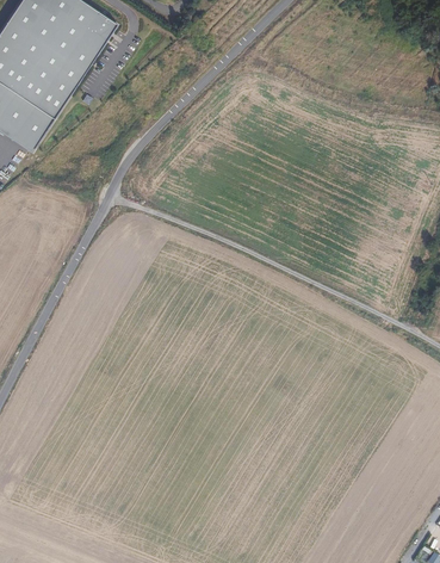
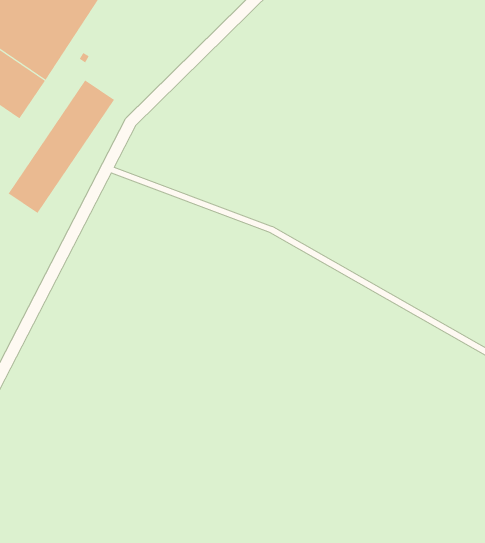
building: none -> [8,80,115,214]

